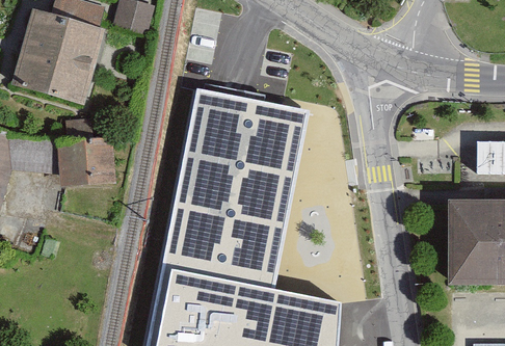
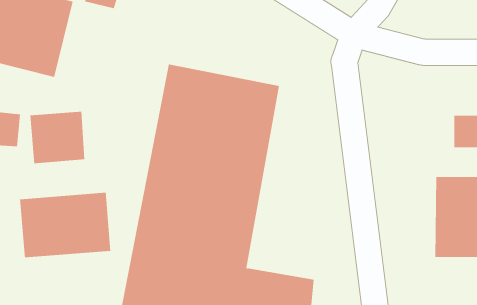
building: none -> [20,192,111,258]

